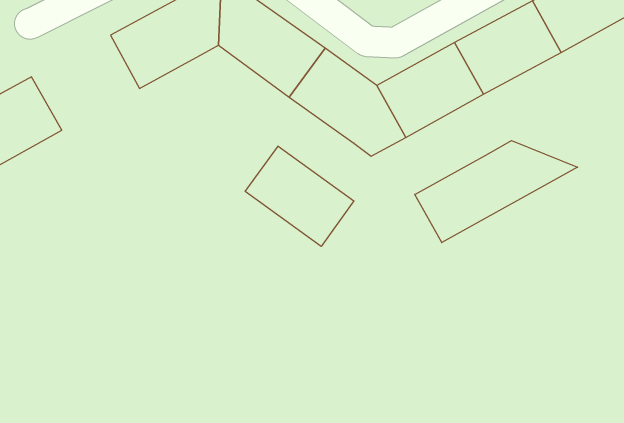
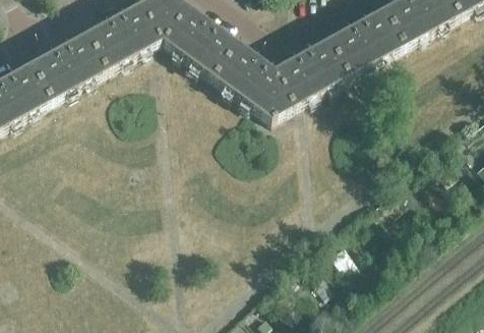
building: none -> [29,32,106,99]
building: [415,141,578,243] -> none
building: [245,146,354,246] -> none

